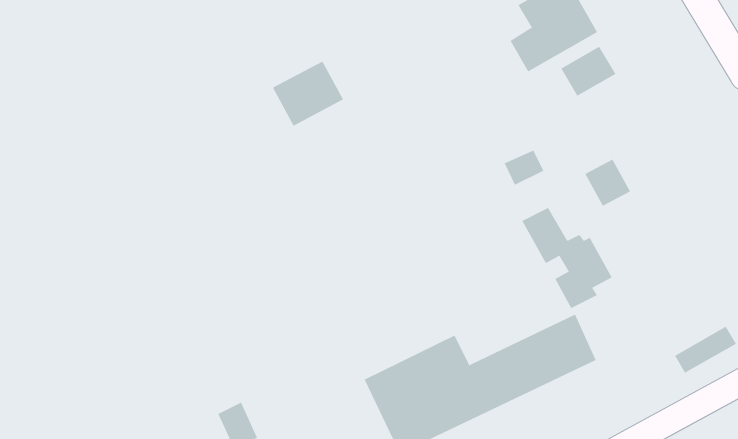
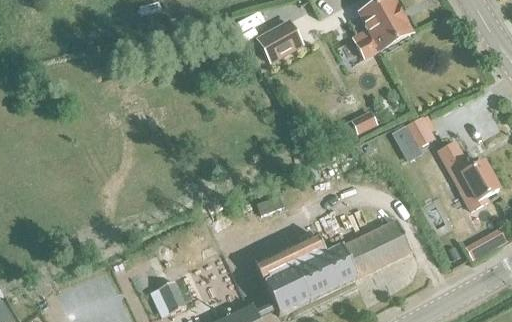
building: [560,46,616,97] -> none
building: [272,61,344,126] -> [256,19,304,63]
building: [522,207,613,309] -> [437,141,498,209]

